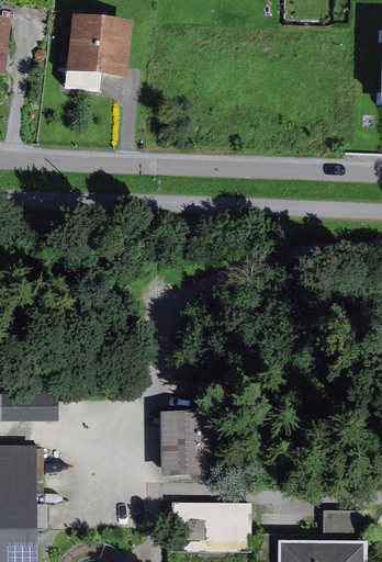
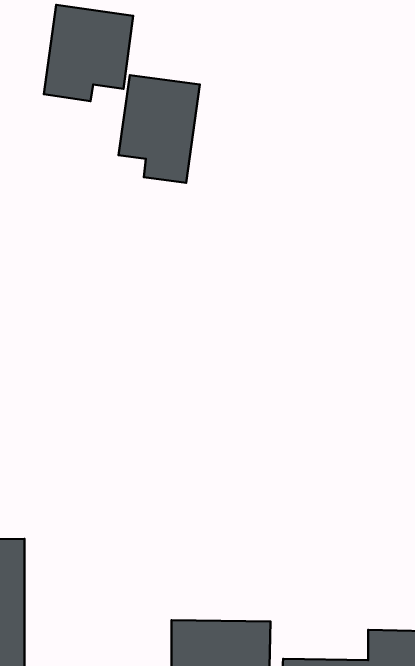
building: none -> [119,75,200,183]
building: [156,419,209,484] -> none

